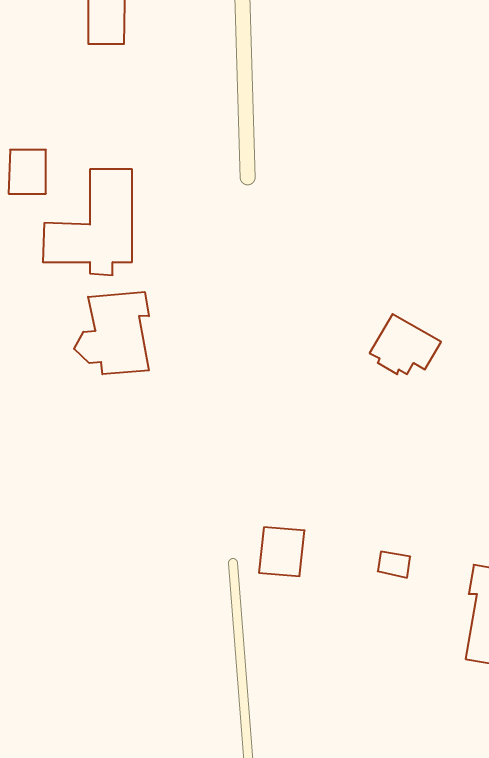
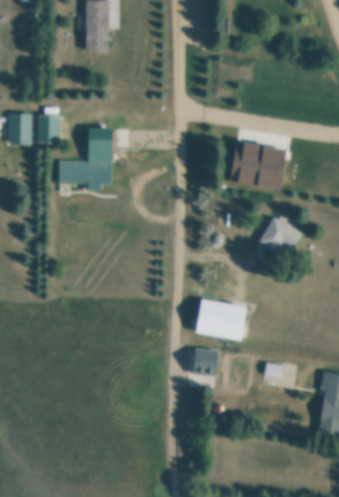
building: none -> [229,142,284,190]
building: [74,292,149,374] -> none
building: none -> [195,298,248,341]

